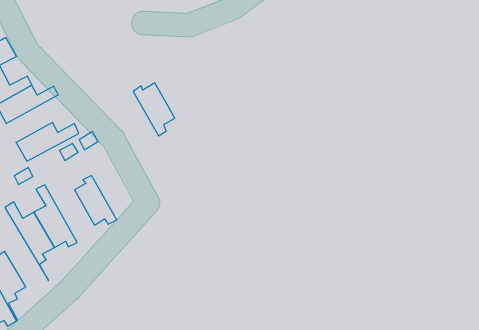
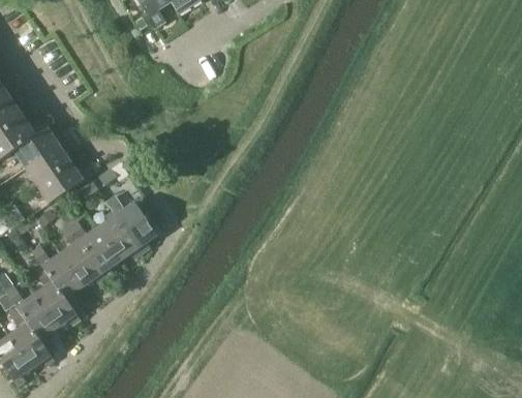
building: [133,83,175,136] -> [113,200,156,251]
building: none -> [24,133,79,184]
building: none -> [67,218,120,277]
building: none -> [30,249,80,326]

